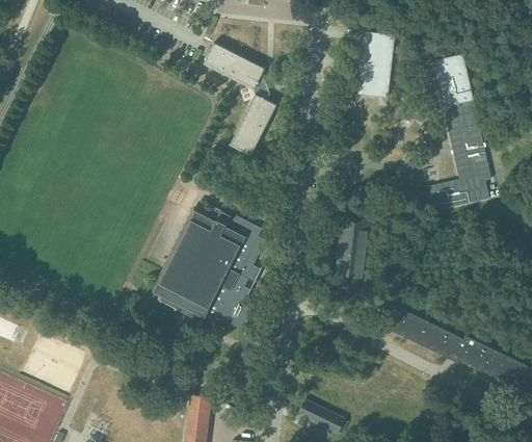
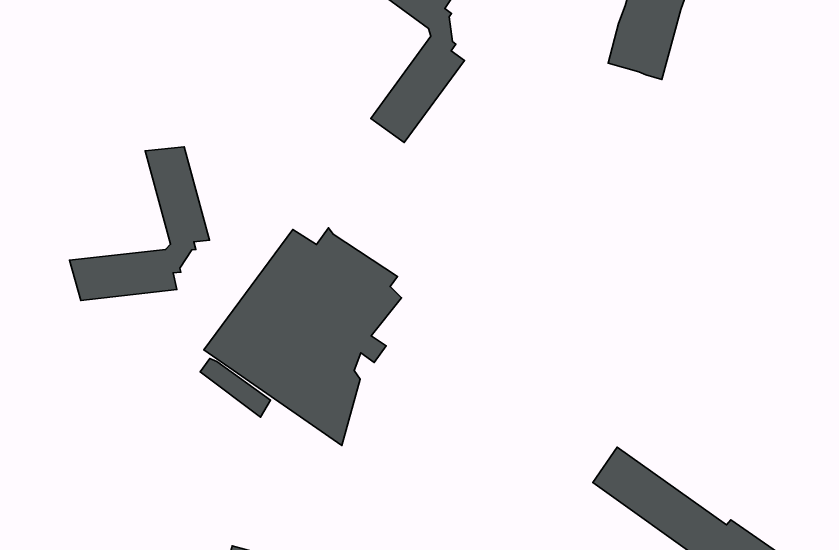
building: [427,56,490,210] -> none
building: none -> [70,147,209,300]
building: [334,217,368,288] -> none

